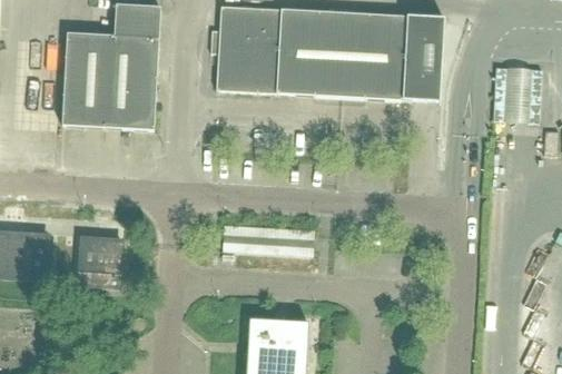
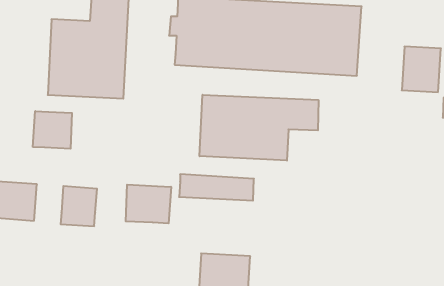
building: none -> [200,95,318,161]
building: none -> [33,111,72,149]
building: none -> [126,185,171,223]

